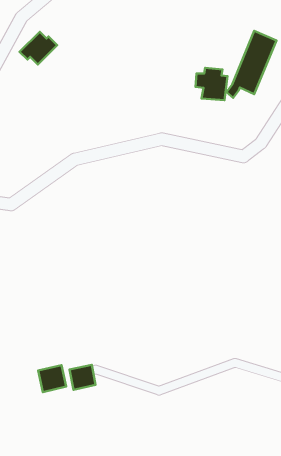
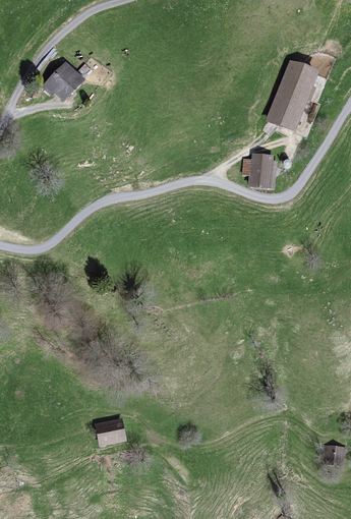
building: [196,68,227,100] -> [243,153,277,187]
building: [38,365,66,392] -> none

